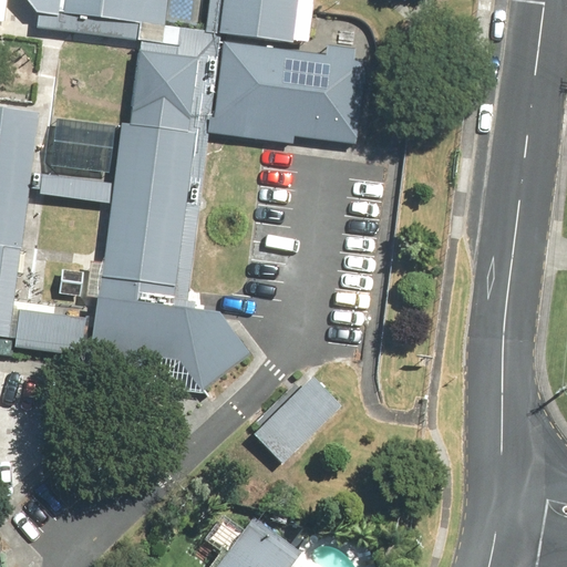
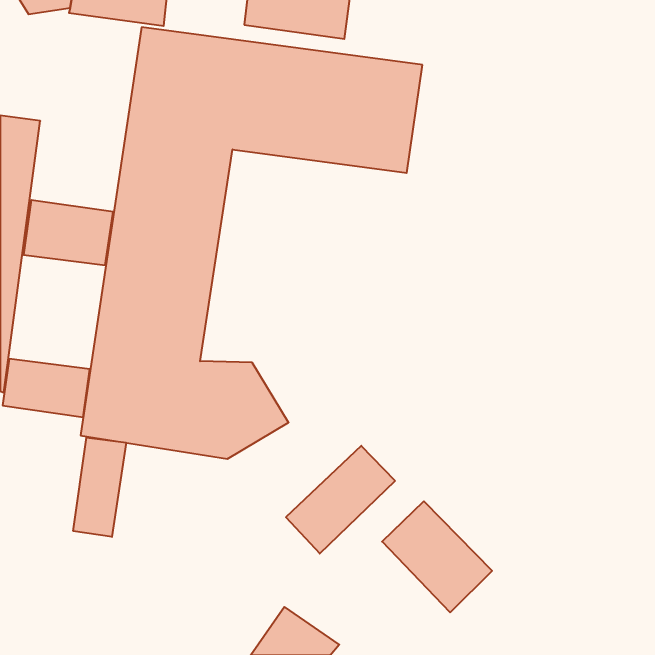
building: none -> [73,438,126,537]
building: none -> [382,501,492,612]

